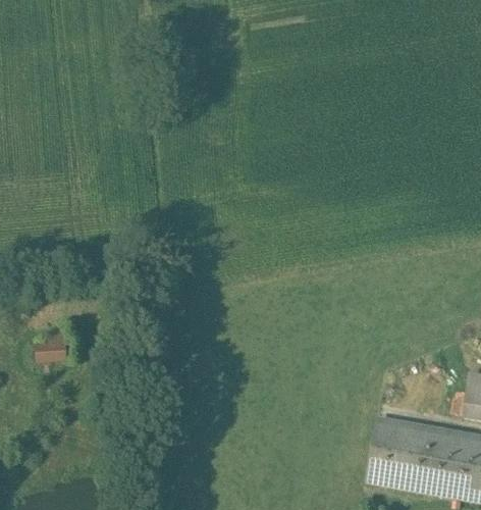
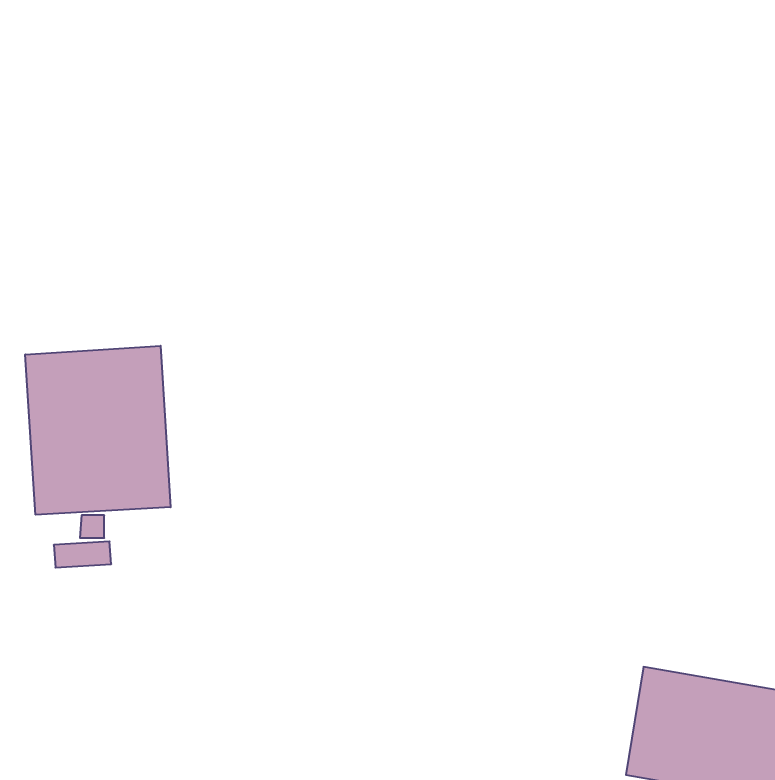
building: none -> [25,346,171,515]

